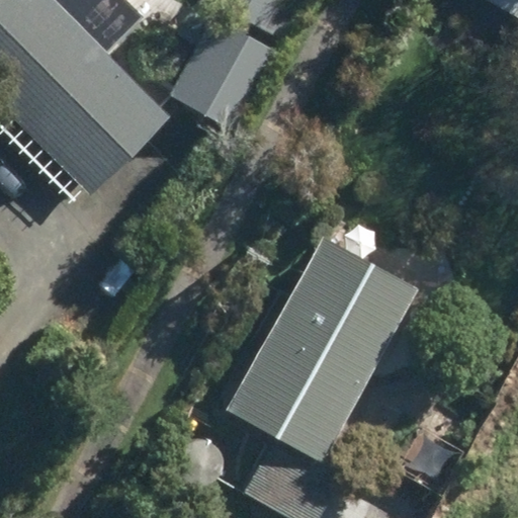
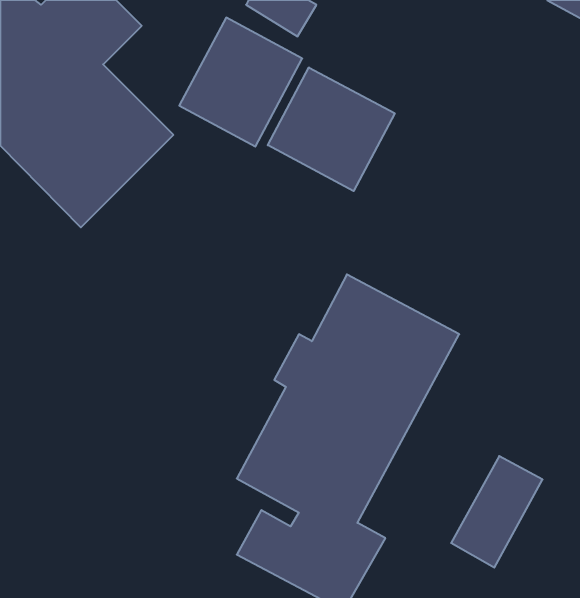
building: none -> [268,67,395,191]

